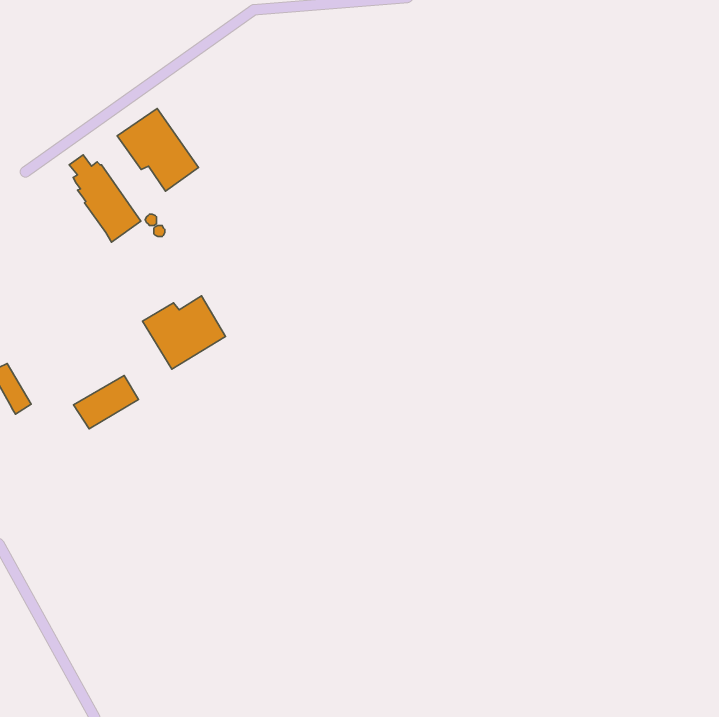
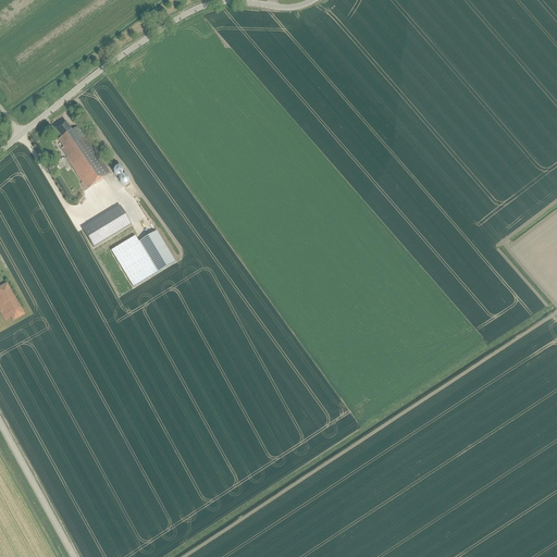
building: [117,109,199,191] -> none
building: [74,375,138,429] -> [81,203,131,245]

